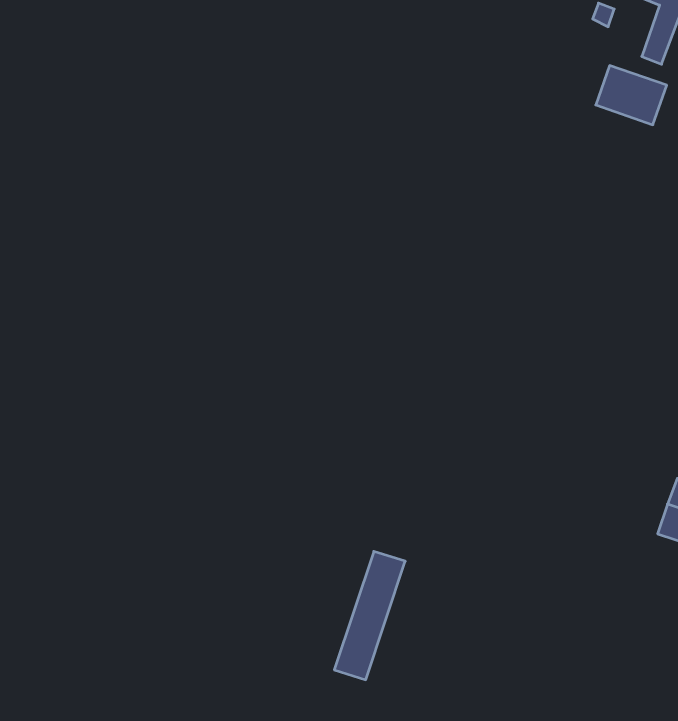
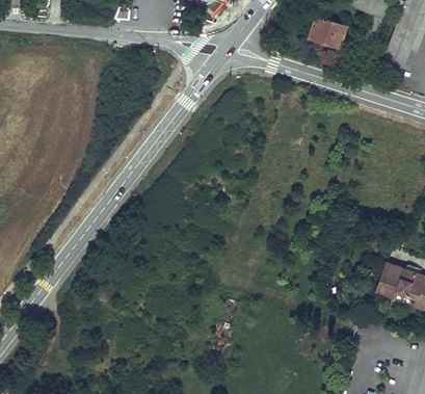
building: [596,66,667,125] -> [309,18,346,49]

